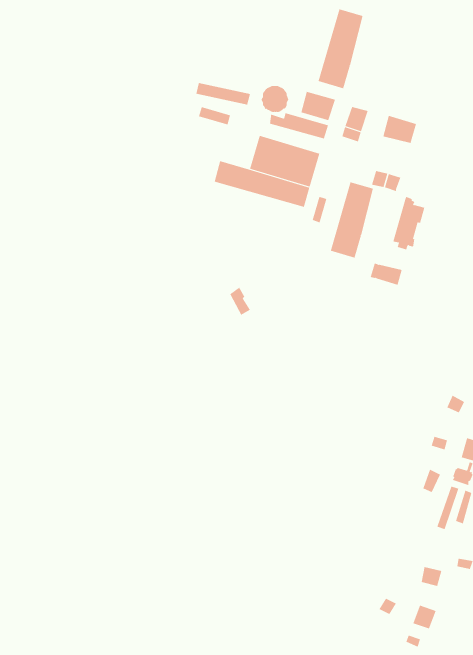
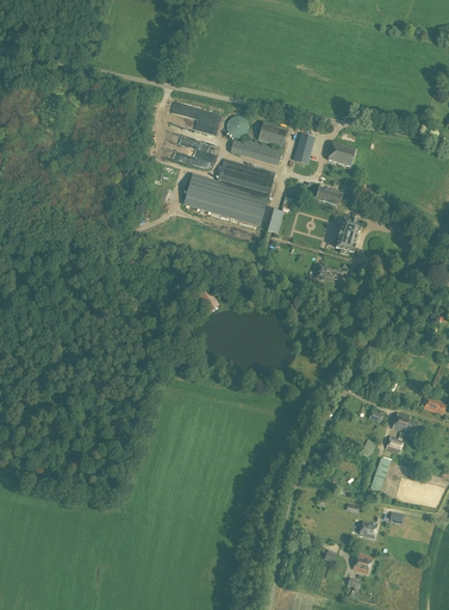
building: [318,9,363,89] -> none
building: [330,181,374,258] -> none

